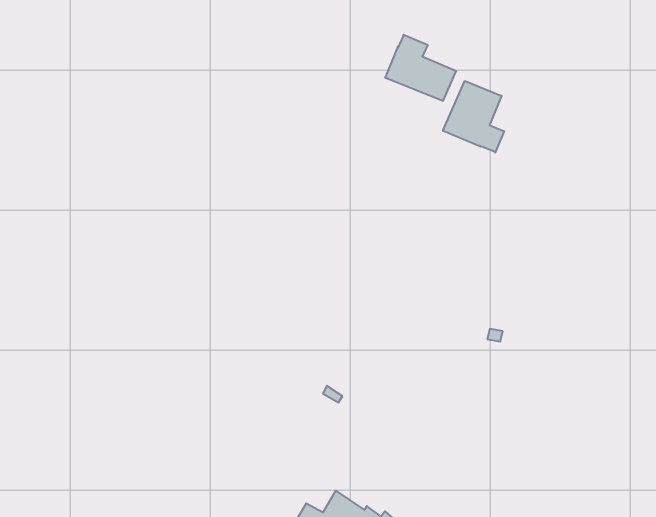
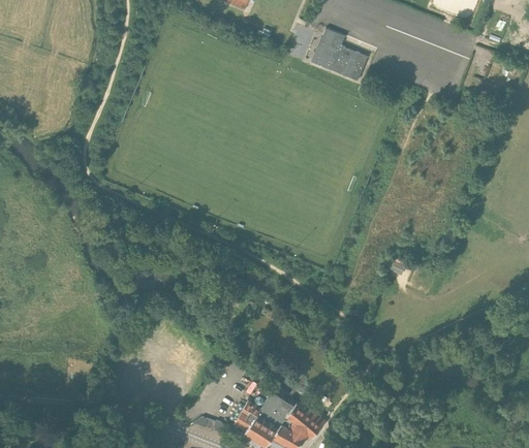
building: [443,81,504,153] -> none

